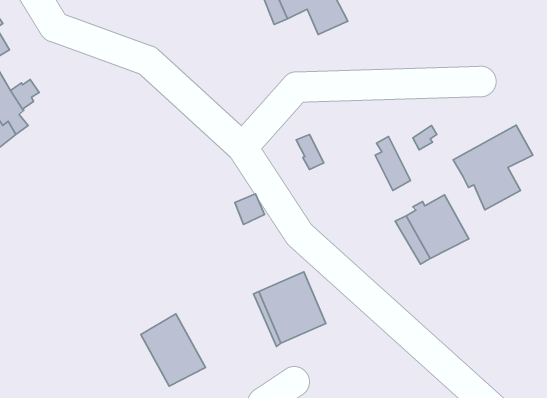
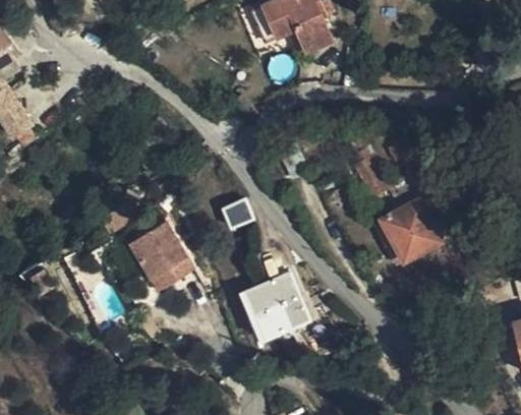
building: [453,125,533,210] -> none
building: [141,314,206,386] -> [130,221,190,288]

